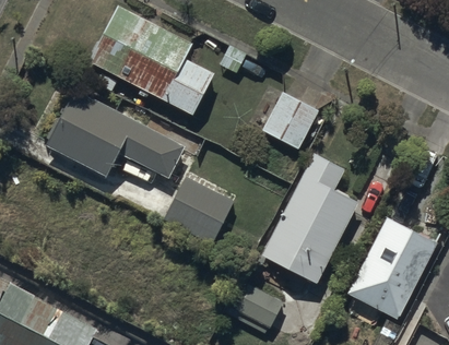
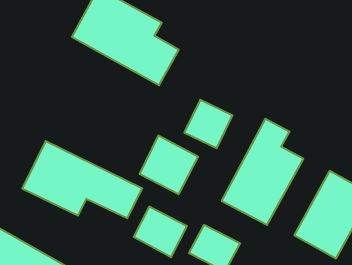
building: [46,88,187,179] -> [22,141,142,218]
building: [261,92,318,148] -> [184,100,233,148]
building: none -> [134,207,187,257]

